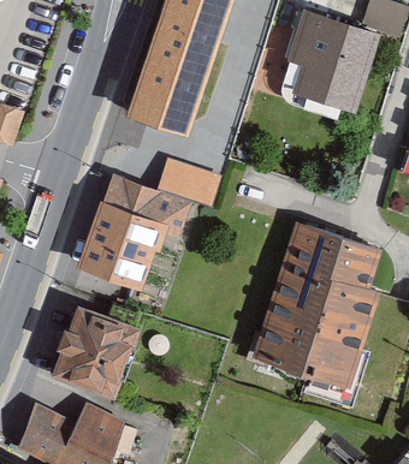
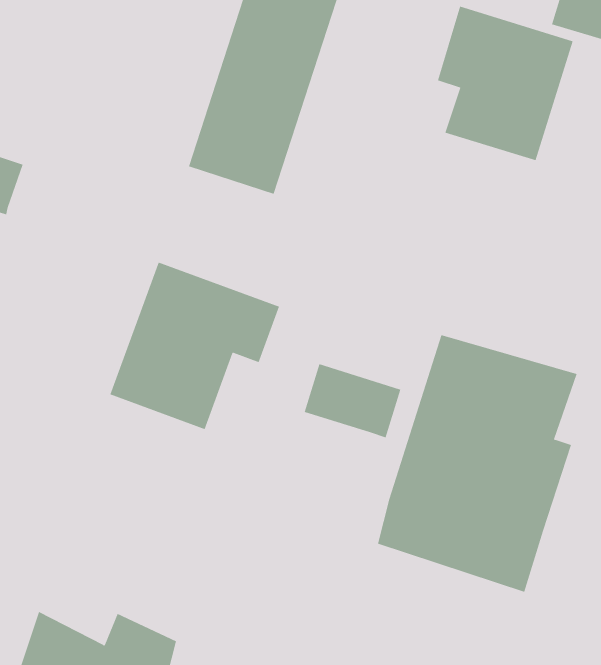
building: [158,157,220,206] -> [304,363,401,438]
building: [52,307,140,399] -> none

